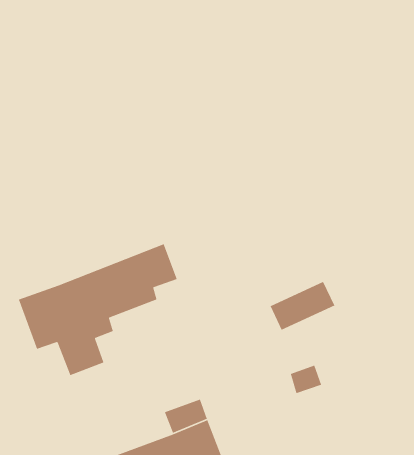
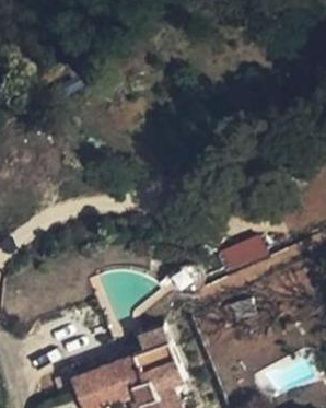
building: [18,243,178,376] -> none

